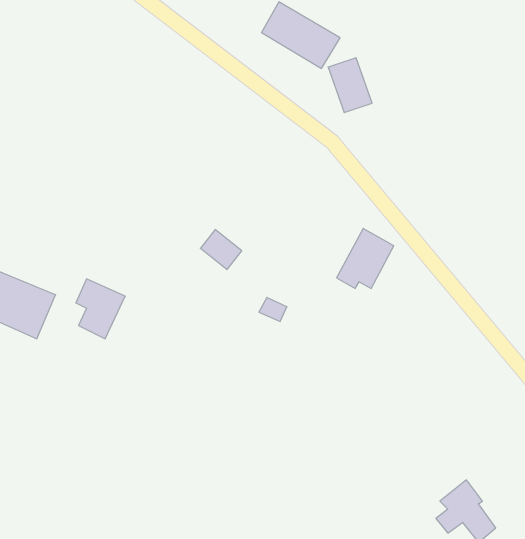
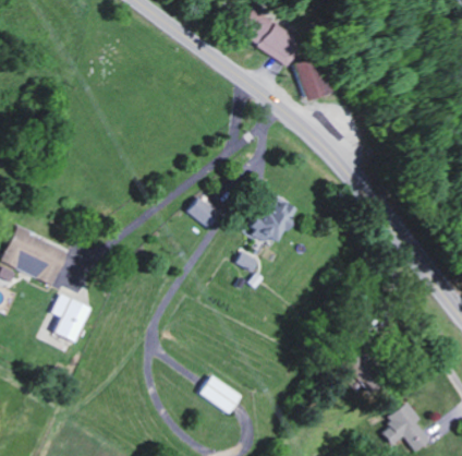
building: [337,228,394,288] -> [251,194,297,243]
building: [76,279,125,339] -> [52,293,93,343]
building: none -> [200,375,243,413]

